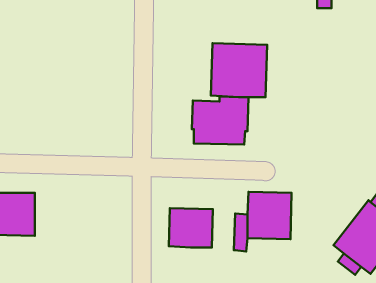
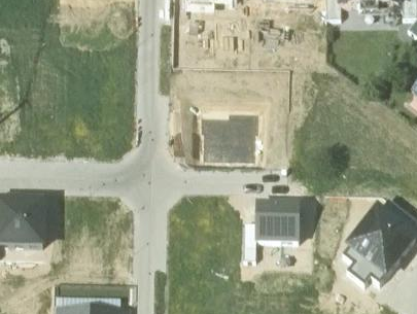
building: [211,43,267,97] -> none
building: [169,208,213,248] -> none

